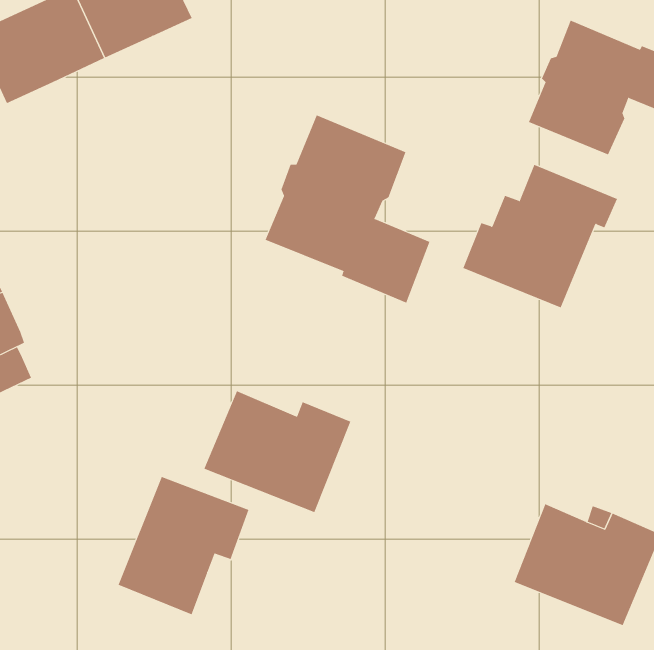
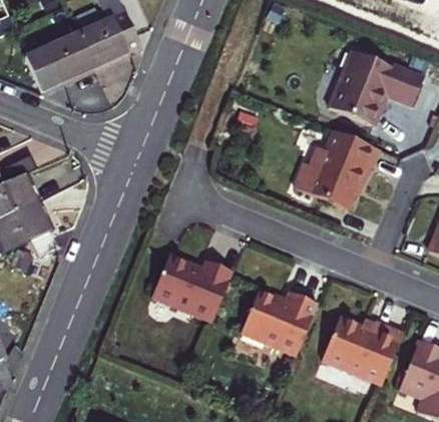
building: [265,115,430,303] -> none
building: none -> [241,289,317,353]
building: [118,476,249,615] -> none

